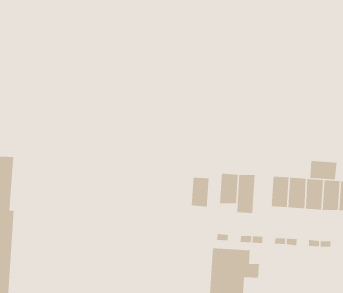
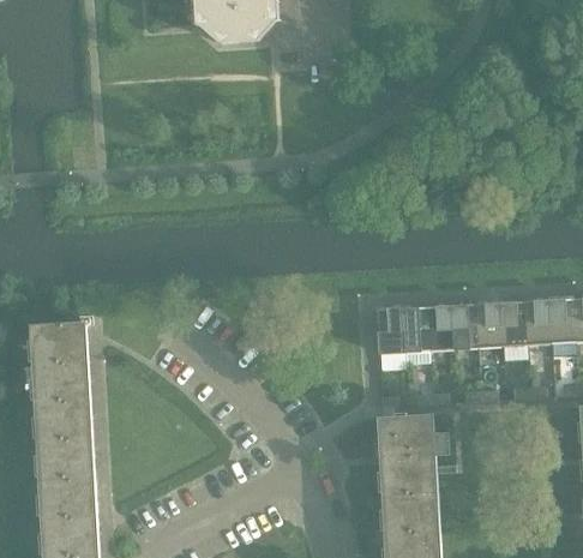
building: [310,160,337,180] -> none
building: none -> [427,304,455,349]
building: [191,177,209,208] -> none

